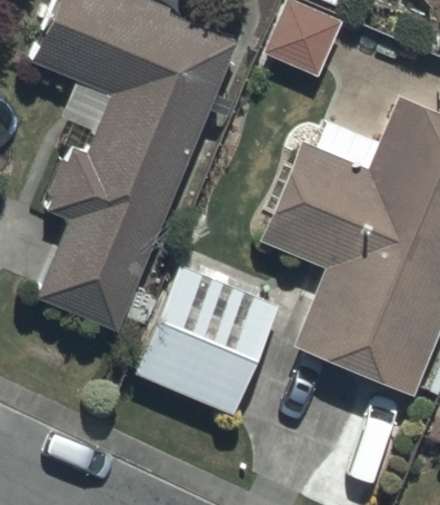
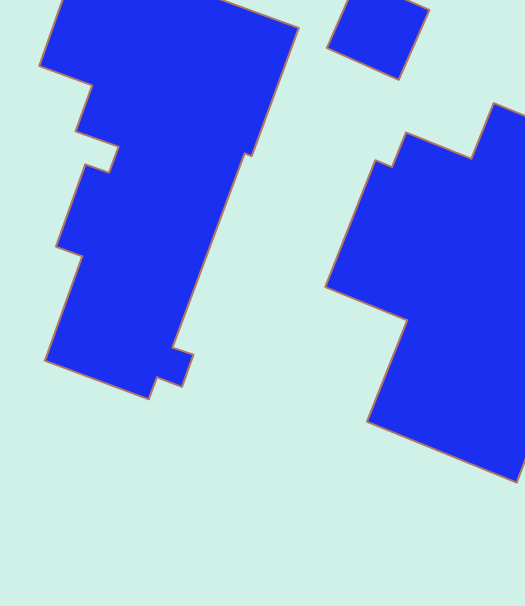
building: [136,261,280,415] -> none

